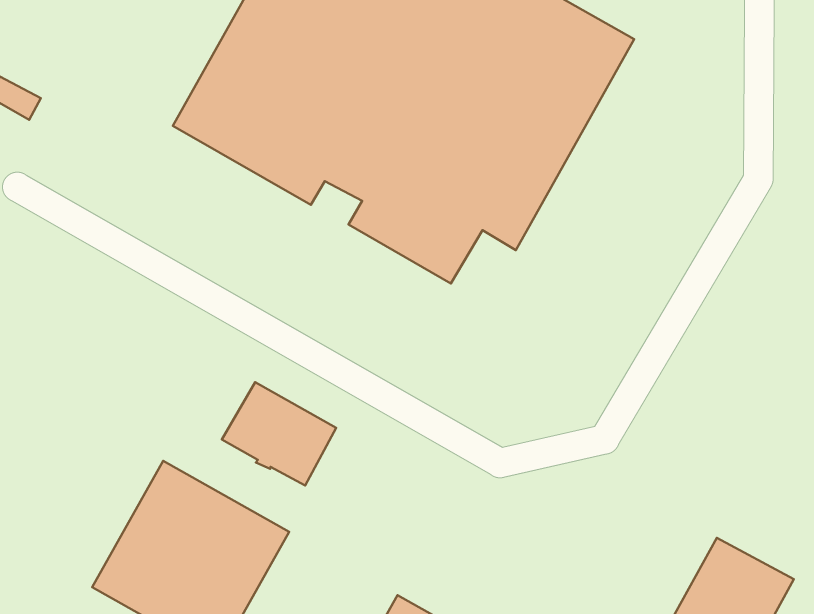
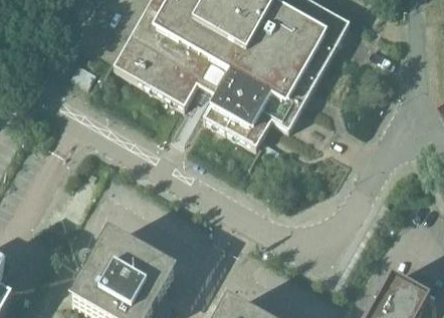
building: [222,382,336,486] -> none

